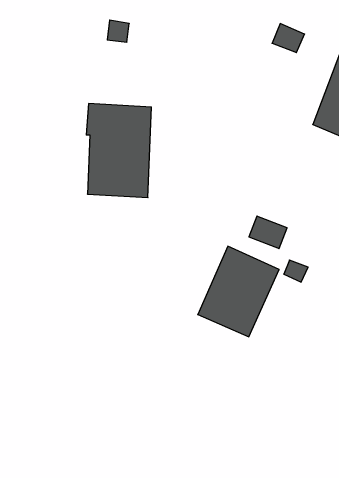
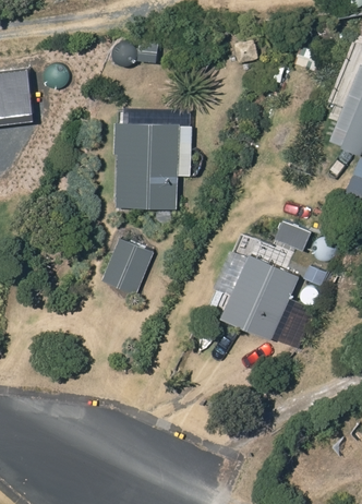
building: none -> [102,238,153,293]

